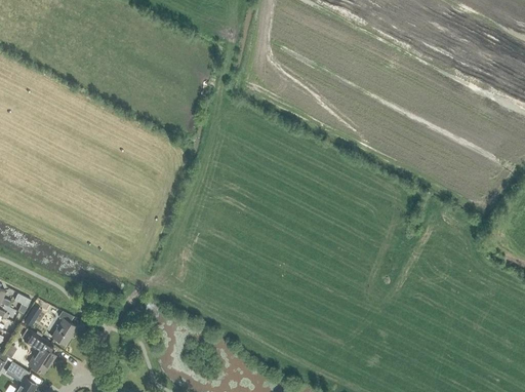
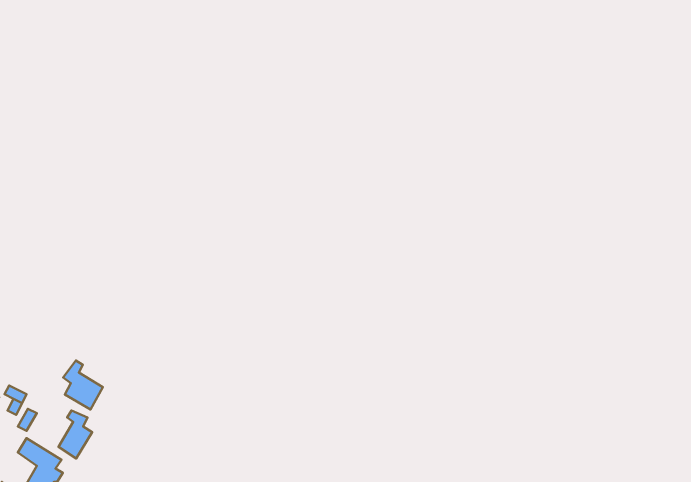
building: none -> [63,360,103,410]

